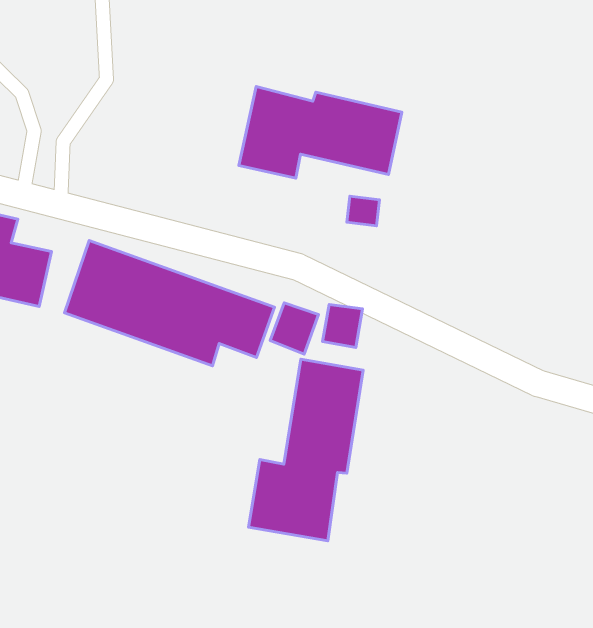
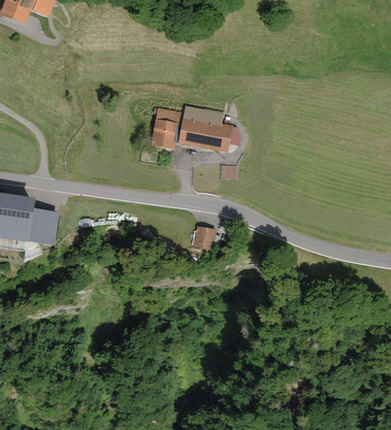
building: [64,240,275,366] -> none
building: [248,359,363,541] -> none

